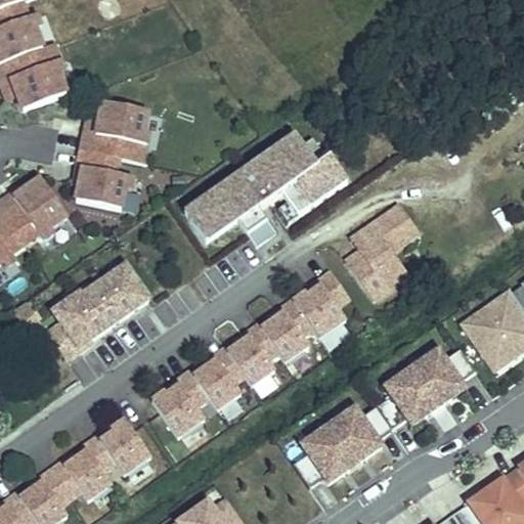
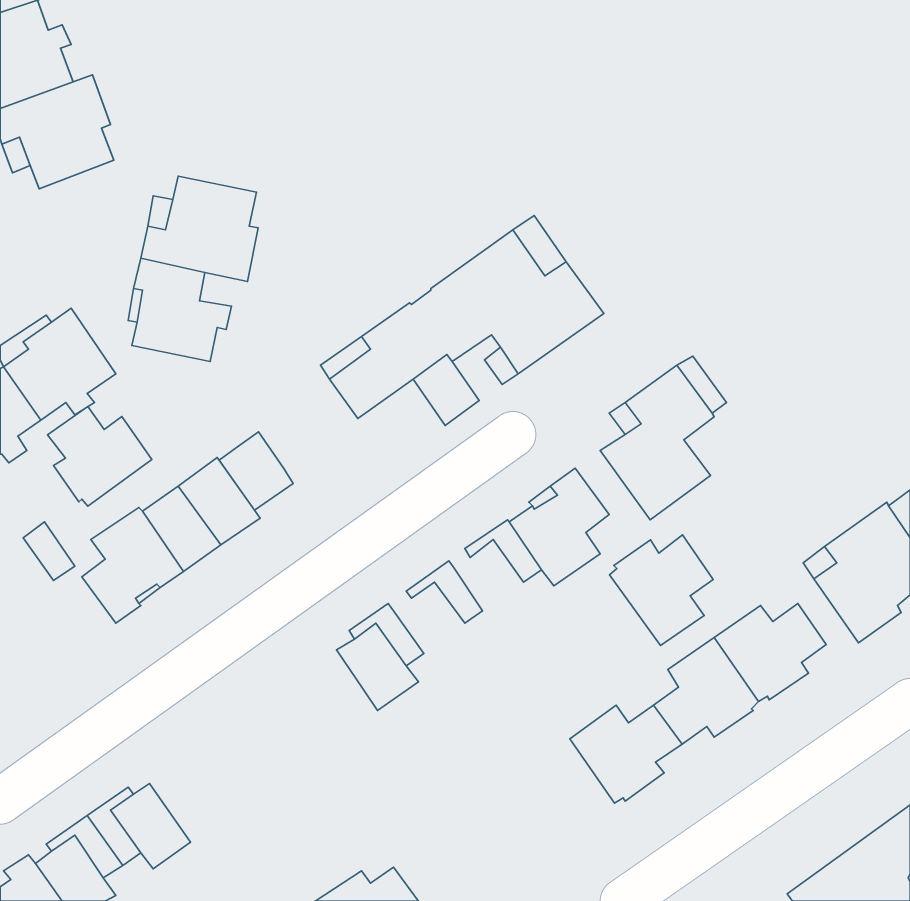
building: none -> [47,407,152,506]
building: none -> [219,432,293,510]
building: none -> [610,535,713,646]
building: [261,310,308,361] -> none
building: [226,335,274,385] -> none
building: [151,368,209,436] -> none
building: [82,419,149,484] -> none
building: [293,425,353,486] -> none

